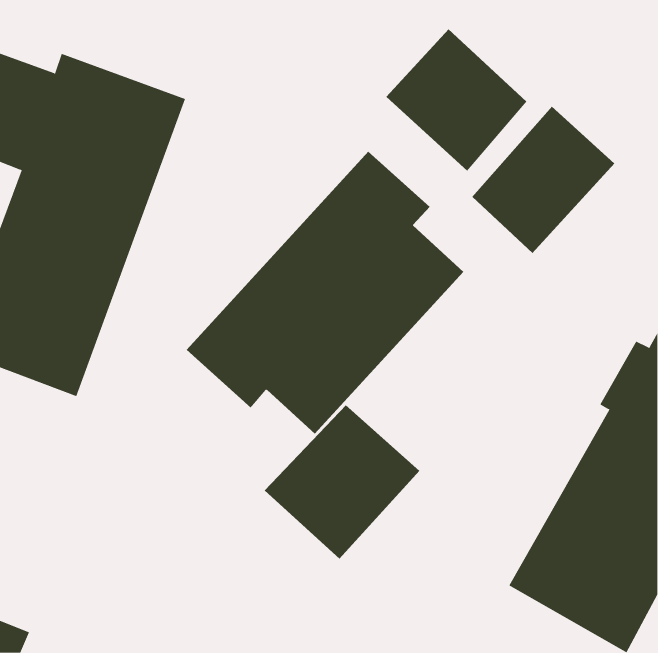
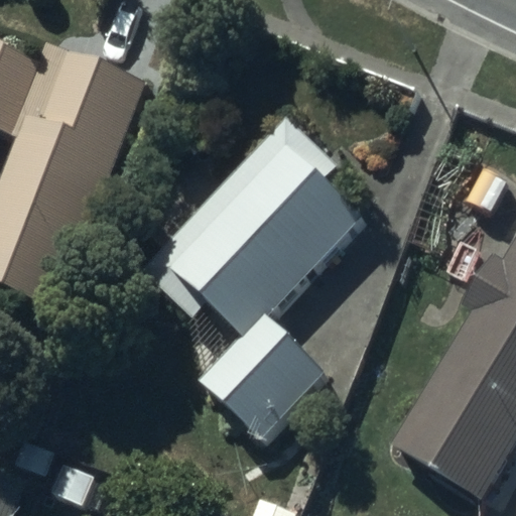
building: [386,28,527,171] -> none
building: [472,106,615,254] -> none

